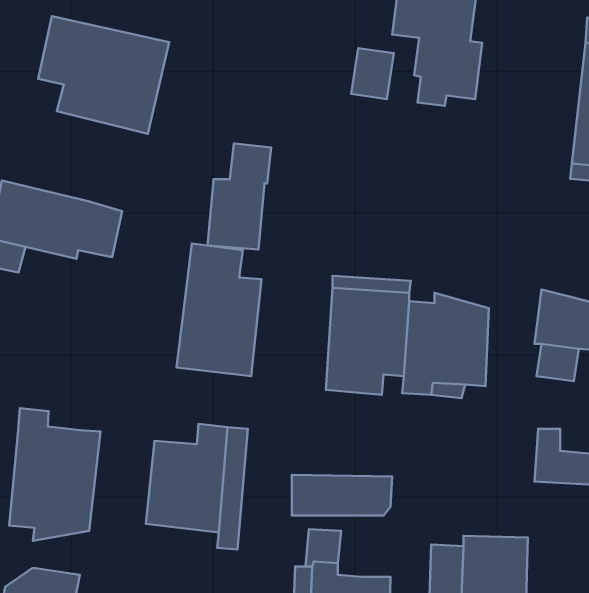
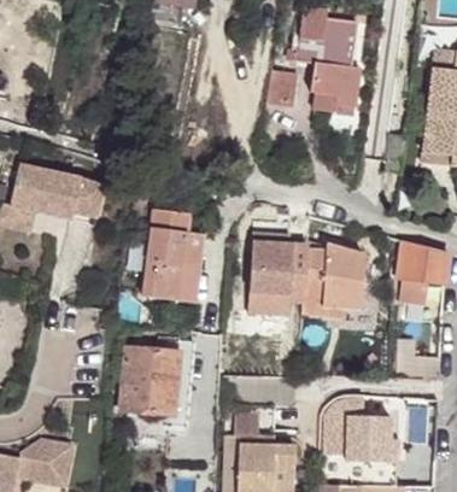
building: [38,16,169,134] -> none
building: [207,143,271,250] -> none
building: [9,408,101,541] -> none

